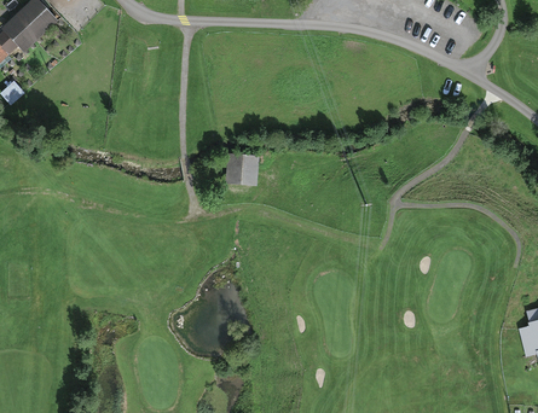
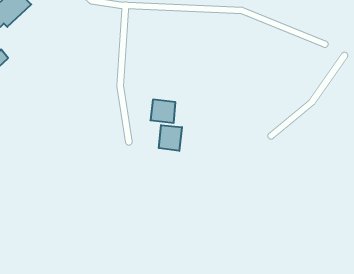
building: none -> [159,125,182,151]

